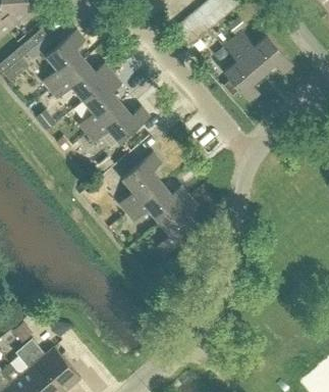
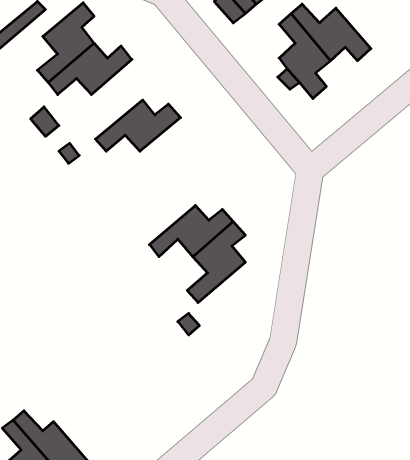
building: [78,72,121,133] -> none
building: [118,152,162,212] -> none

